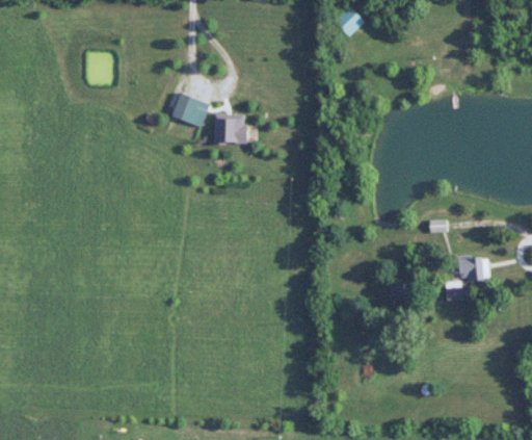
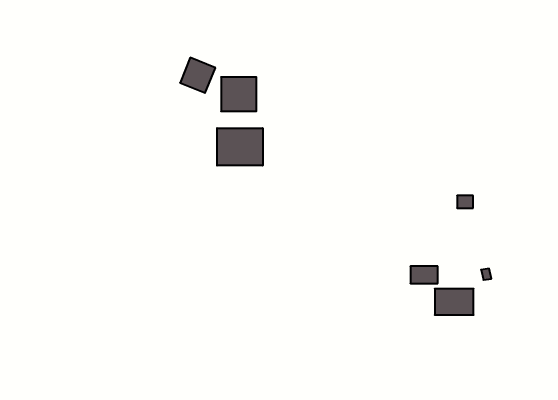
building: none -> [217,128,263,166]
building: [452,256,487,280] -> [435,289,474,315]

